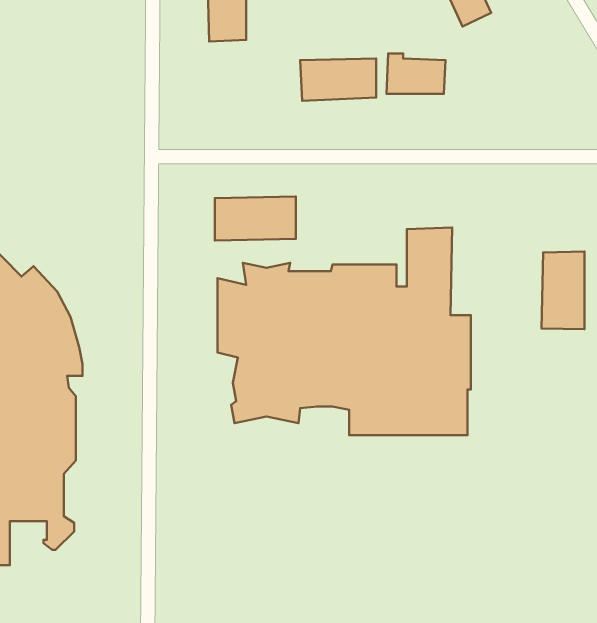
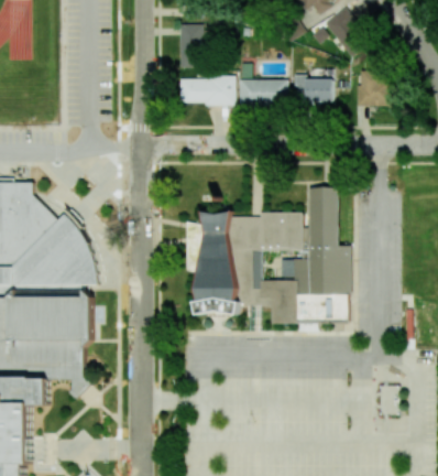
building: none -> [354,69,390,105]
building: [215,197,296,240] -> [182,75,234,104]
building: [541,252,584,329] -> none

